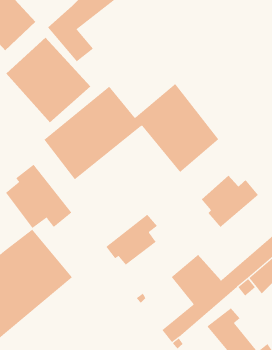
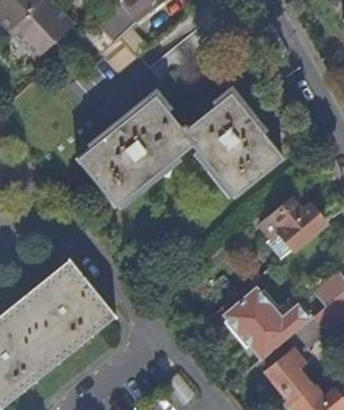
building: [5,37,91,123] -> none
building: [5,164,72,229] -> none
building: [106,214,158,266] -> none

